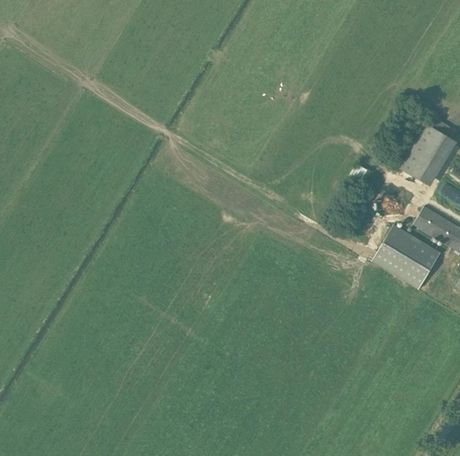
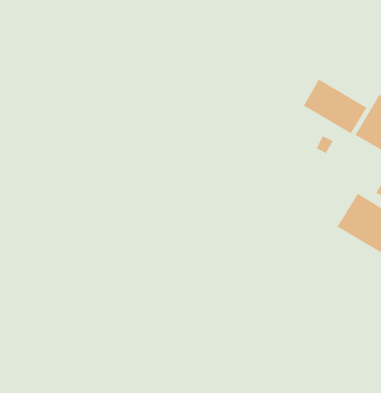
building: none -> [303,79,367,134]

